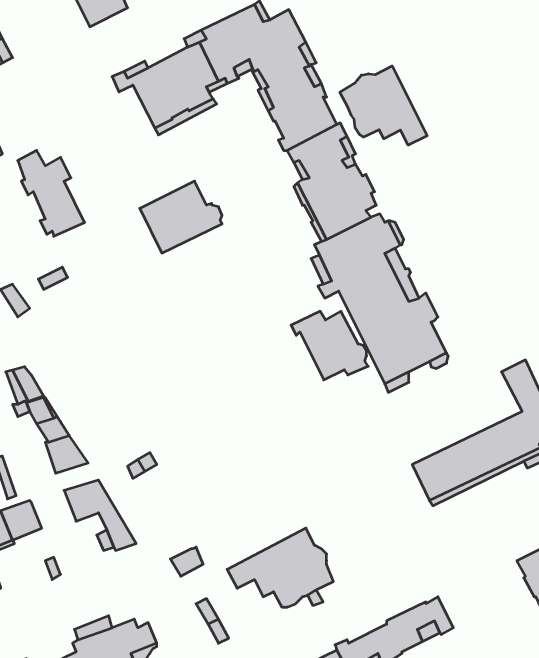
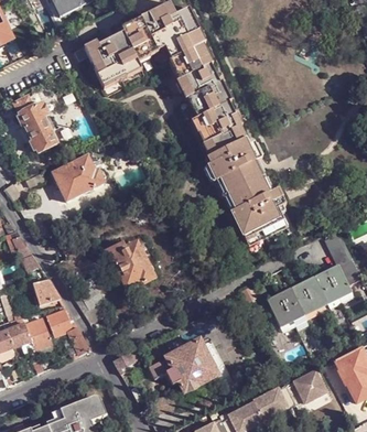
building: [340,66,427,145] -> none
building: [140,181,222,253] -> [52,154,105,201]
building: [291,311,368,380] -> [105,241,154,285]
building: none -> [23,317,51,348]
building: none -> [284,369,326,407]

